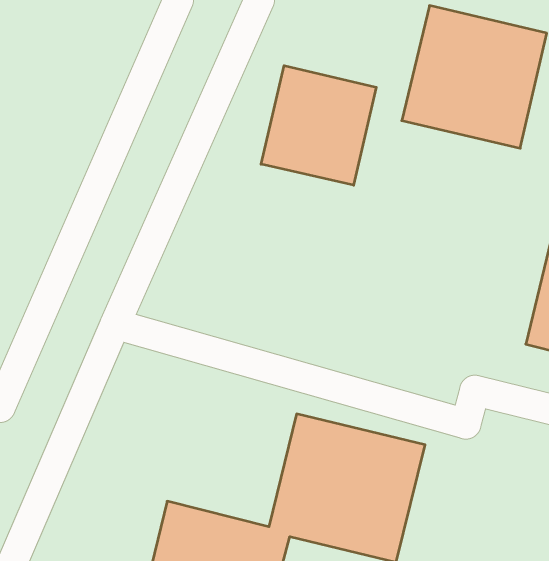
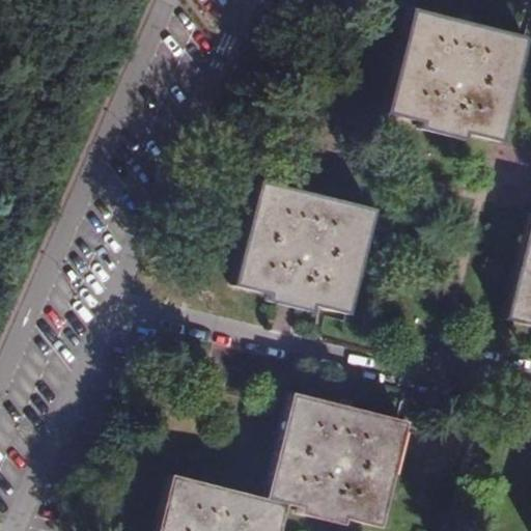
building: [261,66,376,185] -> none
building: none -> [235,180,379,318]

